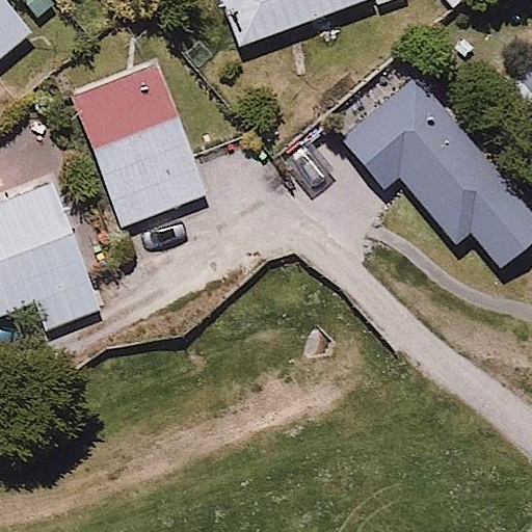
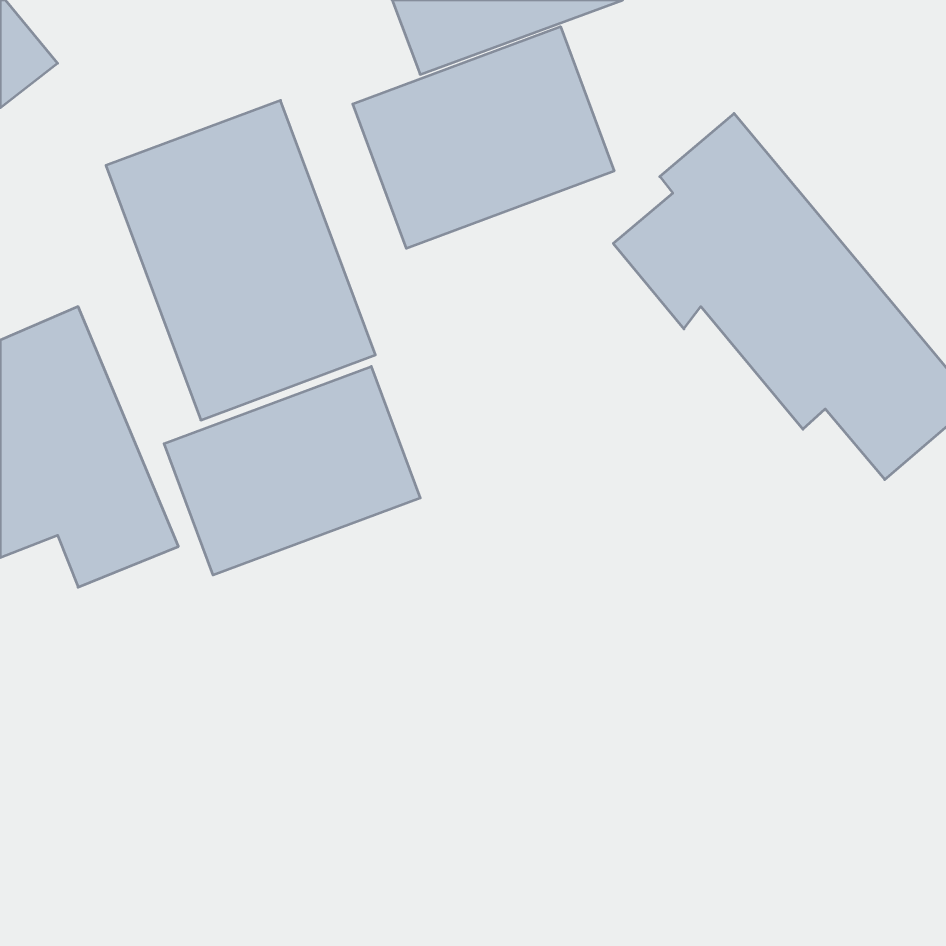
building: none -> [353,27,614,248]
building: none -> [164,366,420,575]

